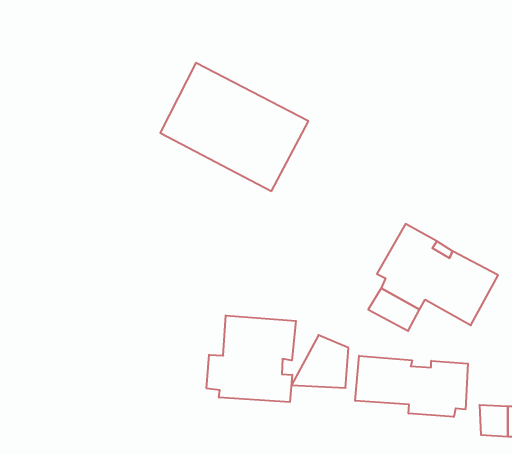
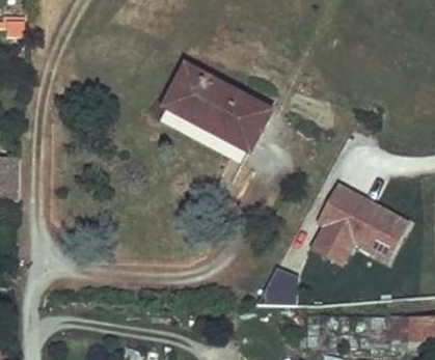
building: [207,315,296,402] -> none
building: [355,356,468,417] -> none

